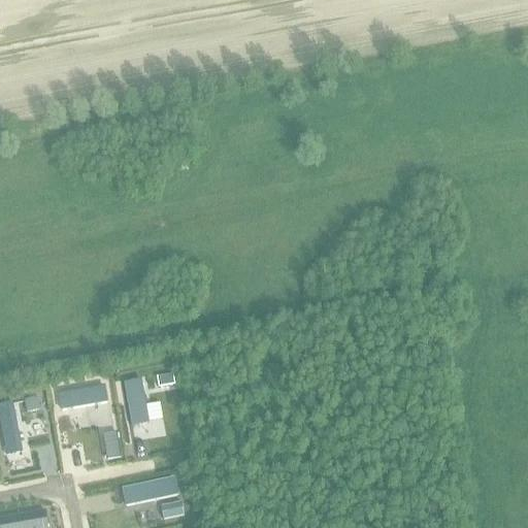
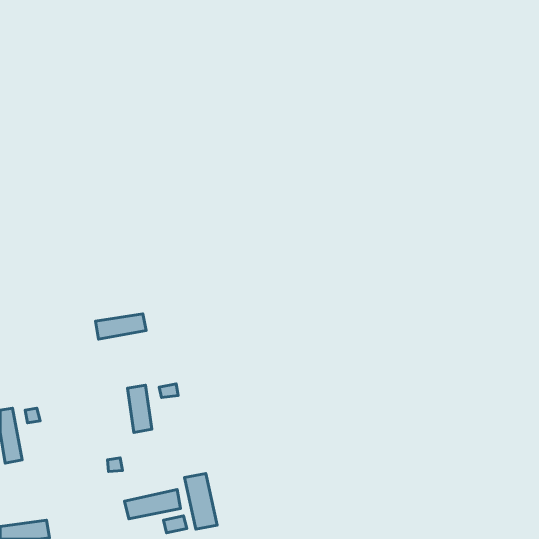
building: [58,383,107,407] -> [95,314,146,339]
building: none -> [184,473,217,529]

